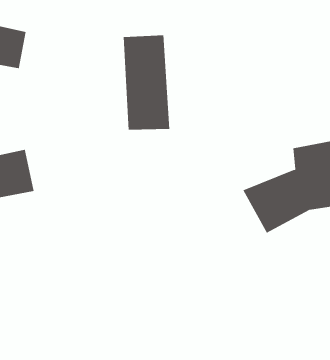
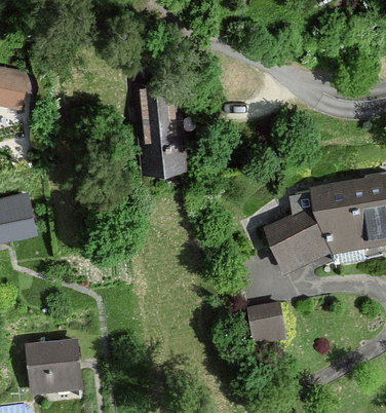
building: none -> [244,301,285,346]
building: none -> [33,337,91,393]

